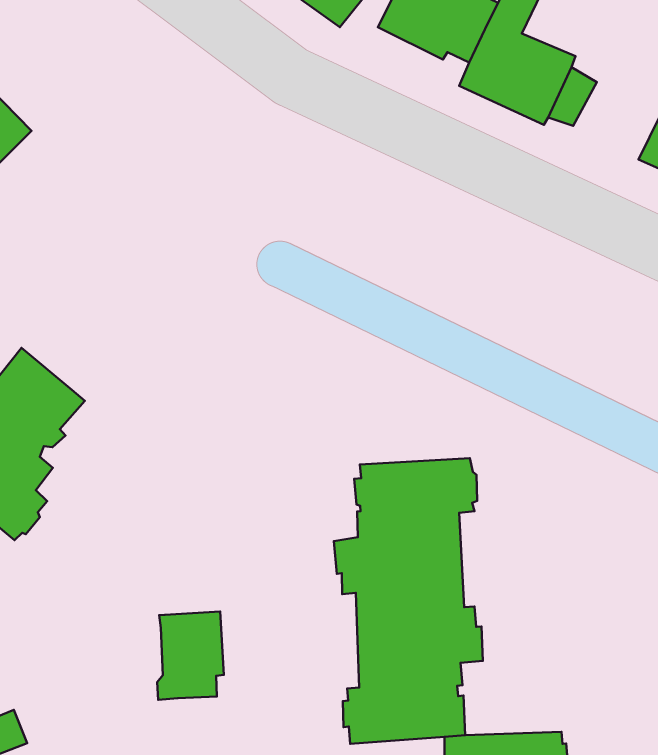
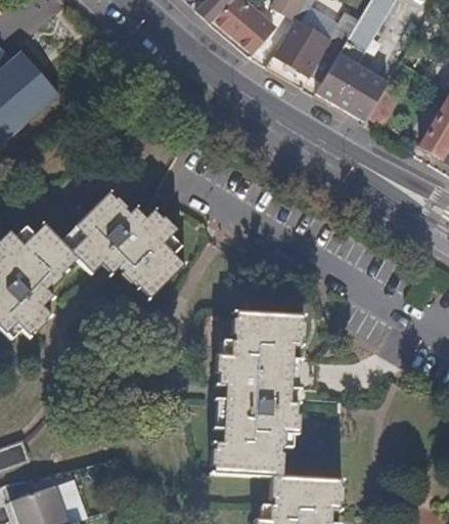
building: none -> [71,192,186,299]
building: [157,612,224,700] -> none

